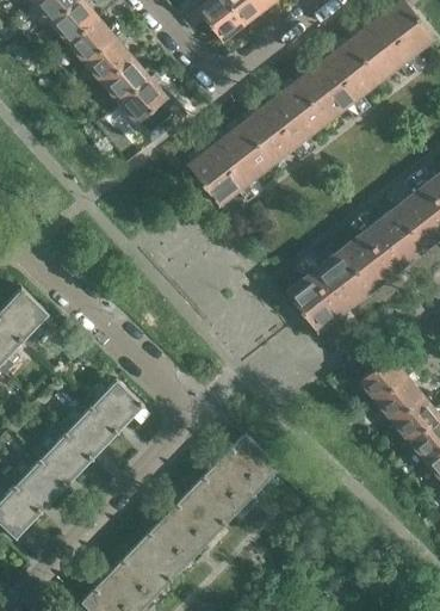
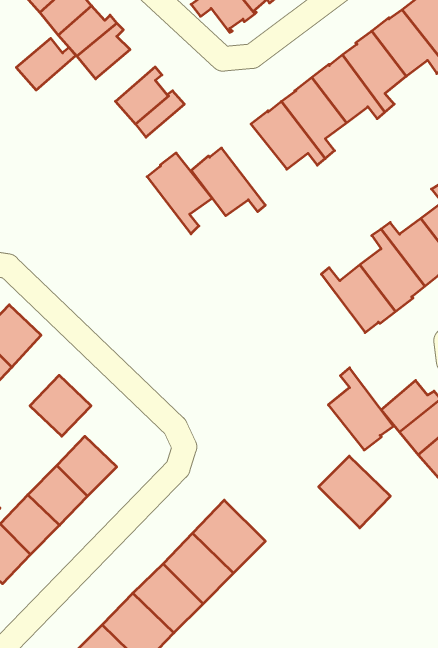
building: [100,57,154,104] -> [16,38,76,90]
building: [213,124,272,197] -> [147,153,212,234]
building: [284,259,342,333] -> [328,368,393,450]
building: [91,377,145,432] -> [30,375,91,436]
building: [216,434,280,499] -> [319,456,390,528]

